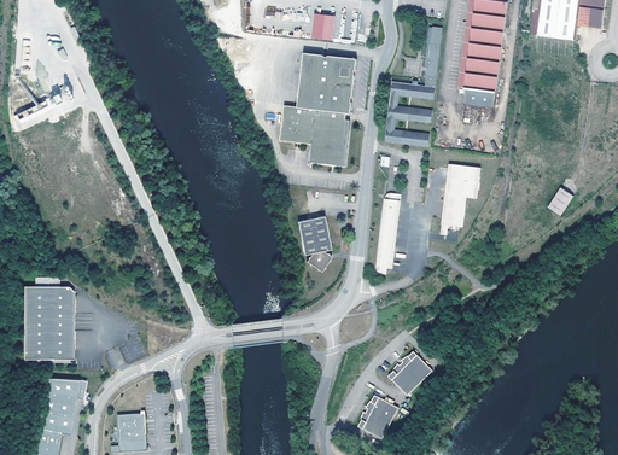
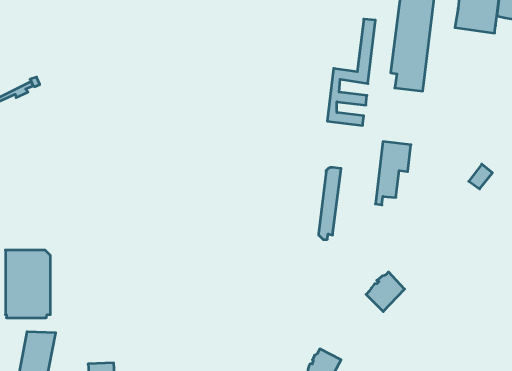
building: [311,12,334,40] -> none
building: [281,54,357,168] -> none
building: [298,215,333,273] -> none
building: [391,351,435,396] -> [366,272,405,312]

